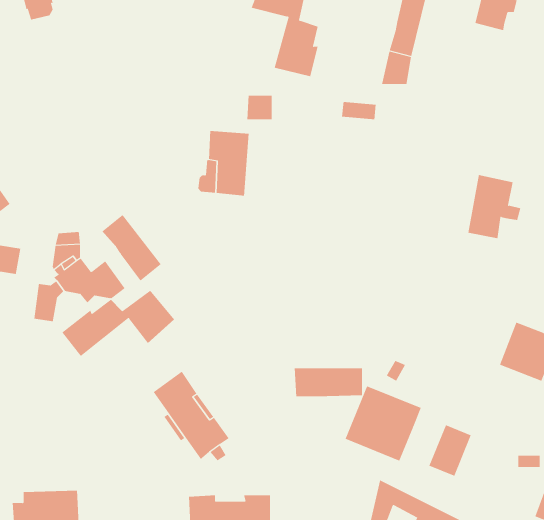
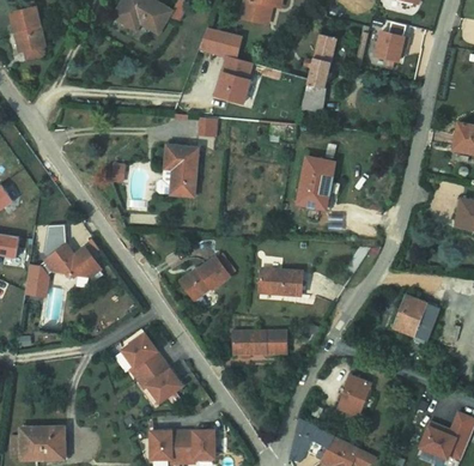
building: [467,175,521,239] -> [298,157,340,207]
building: [102,214,162,281] -> none
building: none -> [180,256,230,299]
building: none -> [259,268,303,295]
building: [62,290,175,357] -> none
building: [345,385,421,462] -> none

